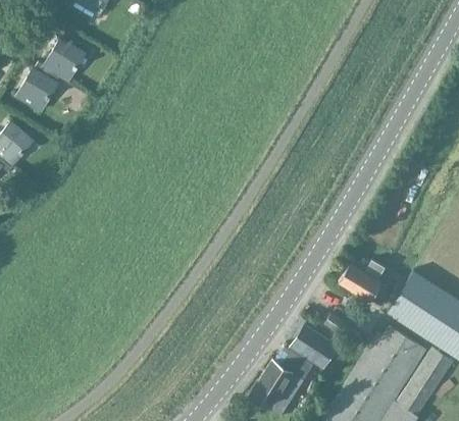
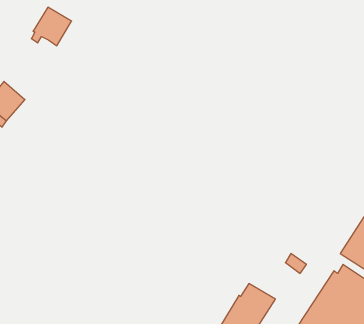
building: [16,68,61,111] -> none
building: [340,260,386,301] -> none
building: [291,325,339,368] -> none

